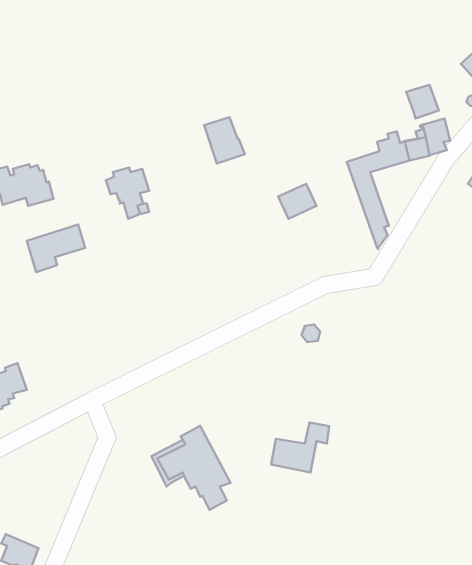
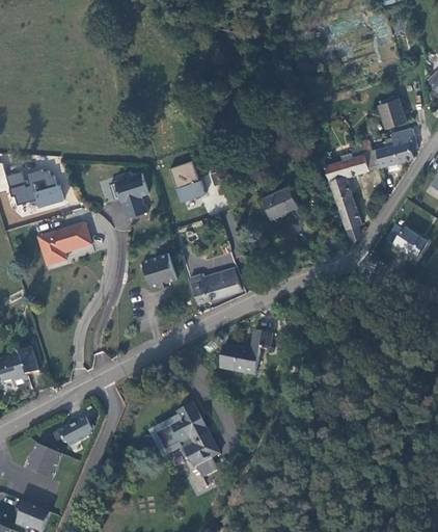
building: [204,117,245,164] -> [169,161,206,203]
building: none -> [393,228,427,259]
building: none -> [141,251,175,286]
building: none -> [189,266,240,303]
building: [271,423,329,473] -> [219,329,271,374]
building: none -> [58,417,91,446]
building: none -> [26,443,62,478]

